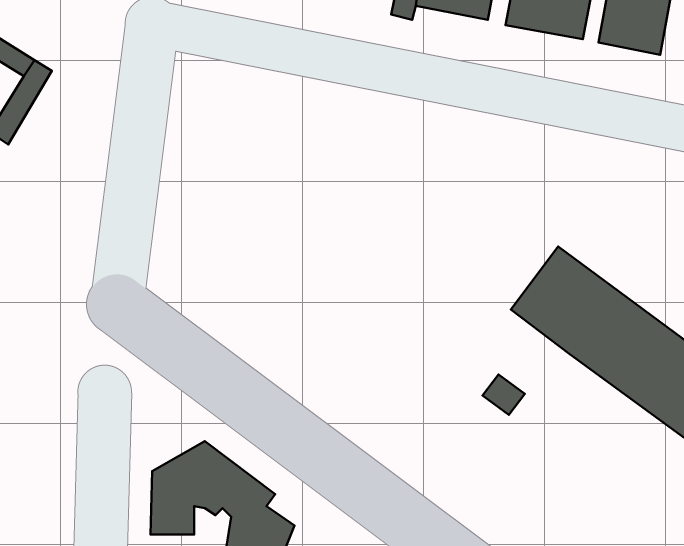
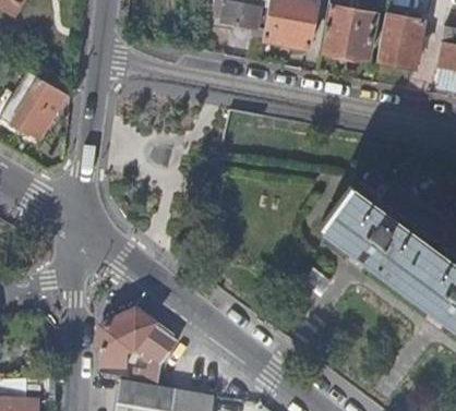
building: none -> [10,78,64,140]

